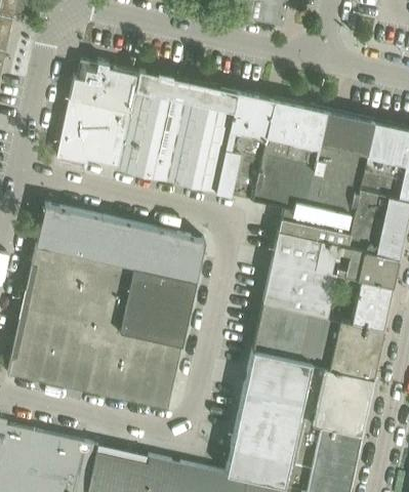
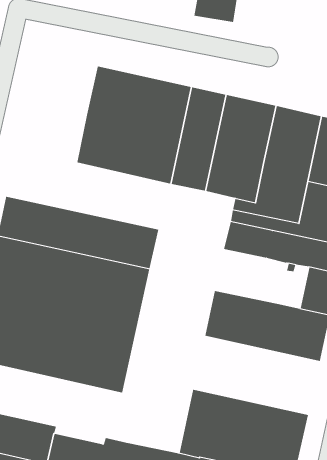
building: [55,62,139,170] -> none
building: [261,260,336,317] -> none
building: [239,351,372,433] -> none

